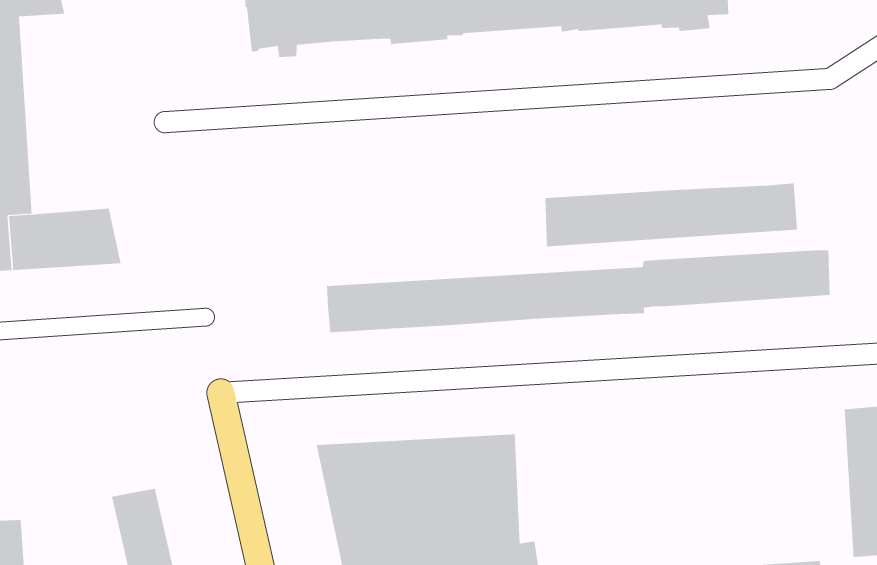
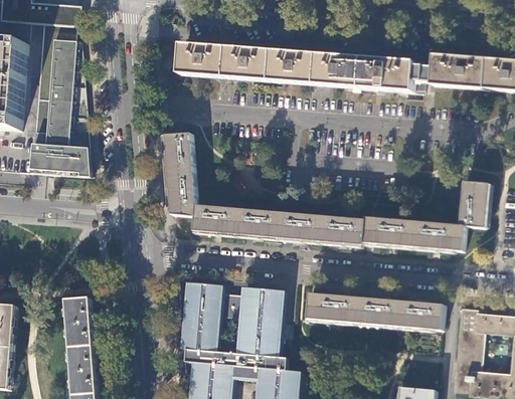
building: none -> [45,37,87,146]
building: none -> [165,132,195,215]
building: none -> [459,181,488,226]
building: [545,183,798,247] -> [307,291,444,329]

